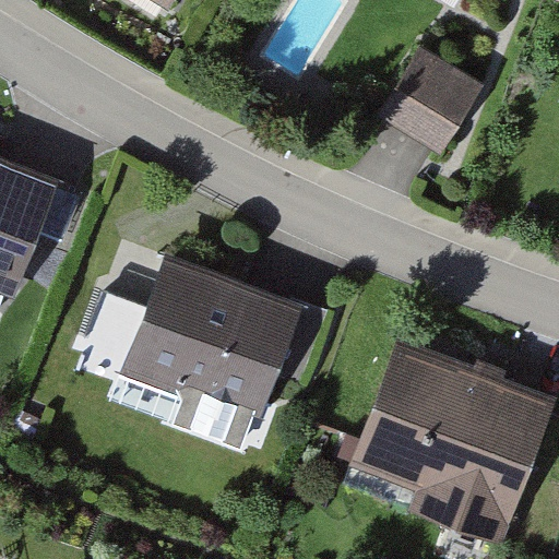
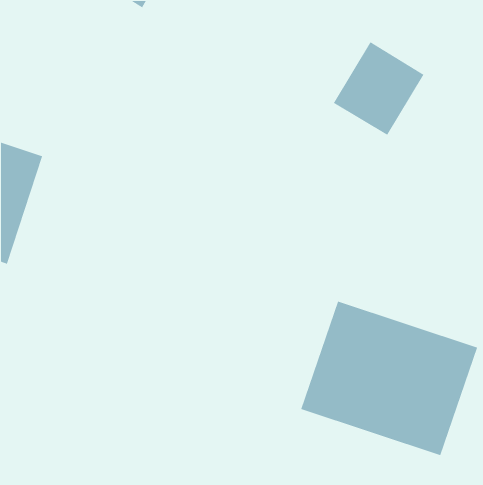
building: [118,259,296,420] -> none

